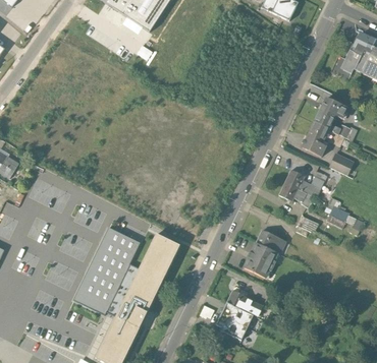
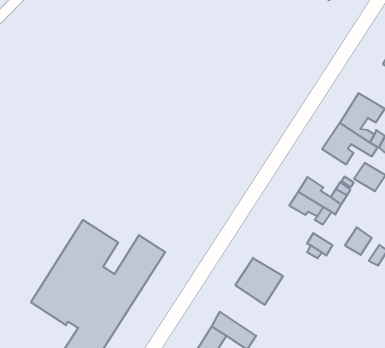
building: [254,228,285,253] -> none

